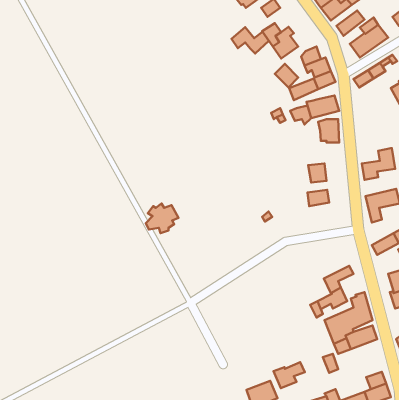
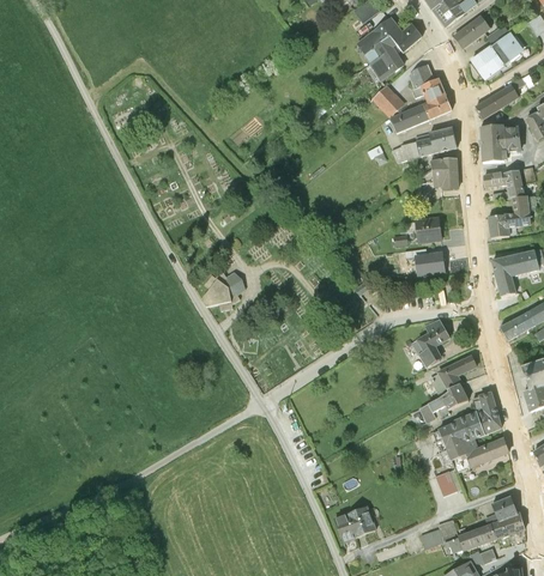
building: [232,27,269,53] -> [373,17,422,51]
building: none -> [479,125,520,164]
building: none -> [484,170,526,201]
building: none -> [412,317,451,366]
building: [273,362,305,388] -> none

